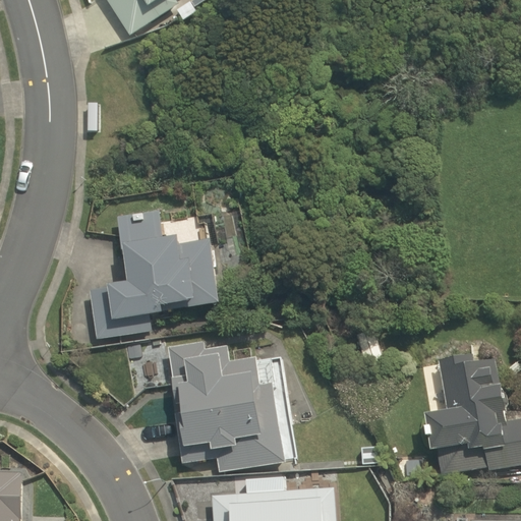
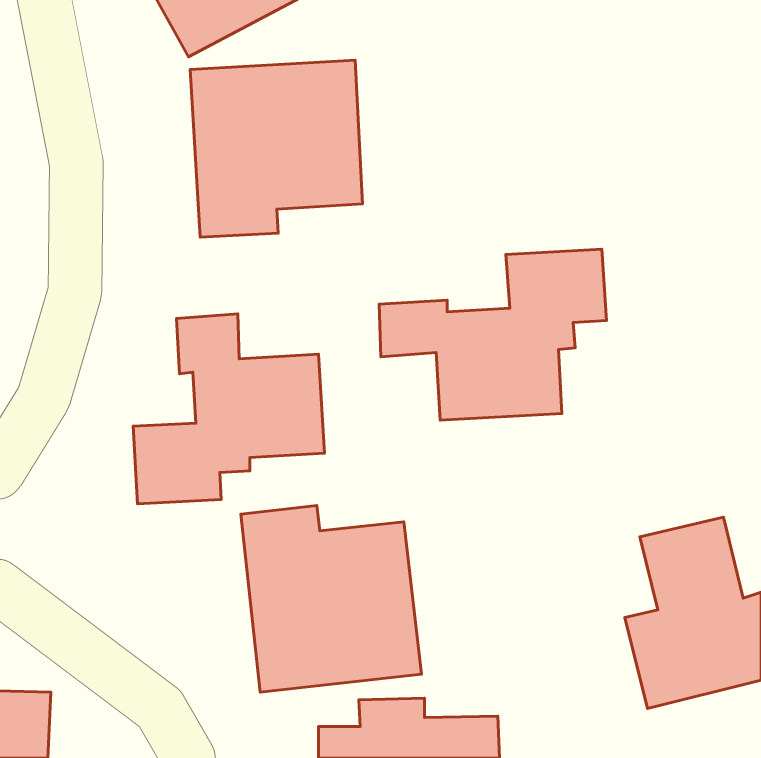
building: none -> [190,60,362,237]
building: none -> [379,249,606,420]

